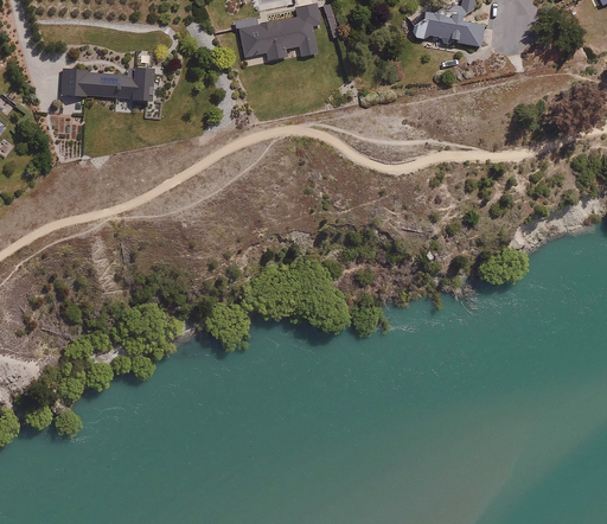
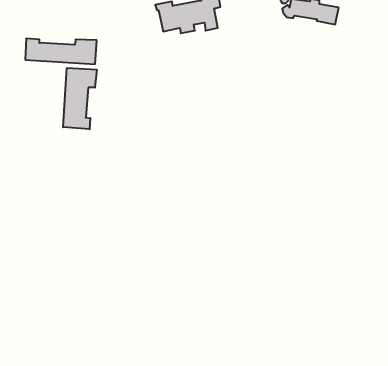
building: none -> [63,68,97,129]

